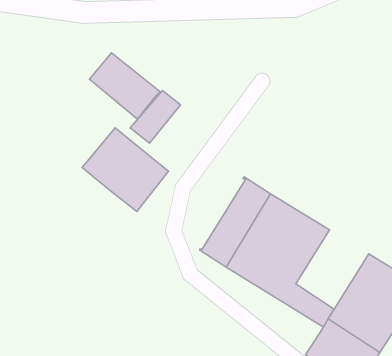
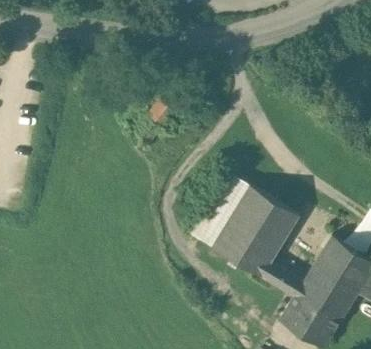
building: [90,53,160,119] -> none
building: [82,128,168,212] -> none

